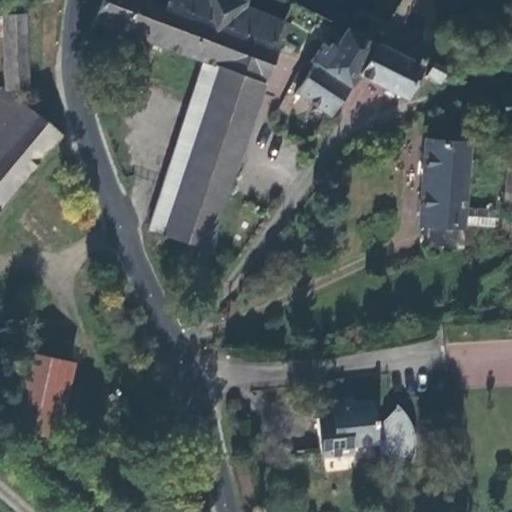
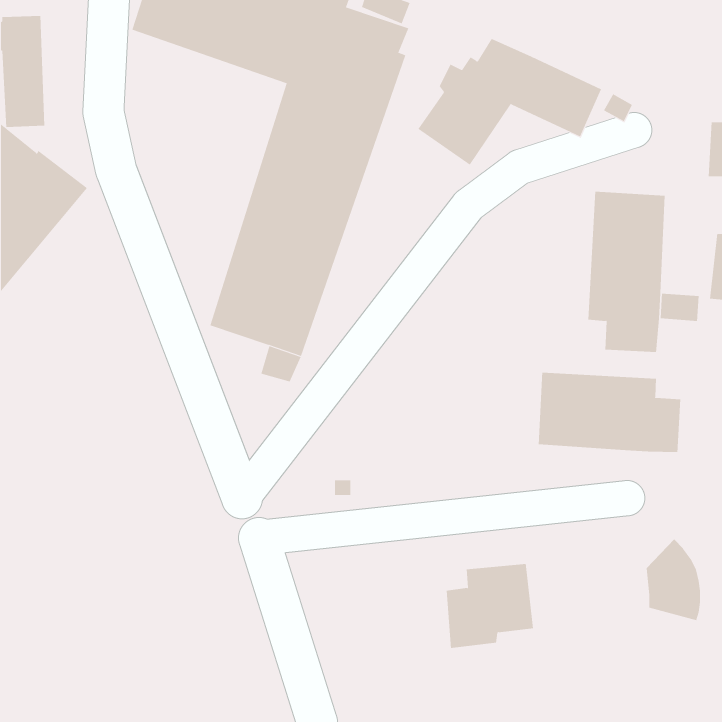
building: none -> [538,372,681,453]
building: [8,350,76,439] -> none
building: [376,404,415,462] -> [646,539,701,621]

